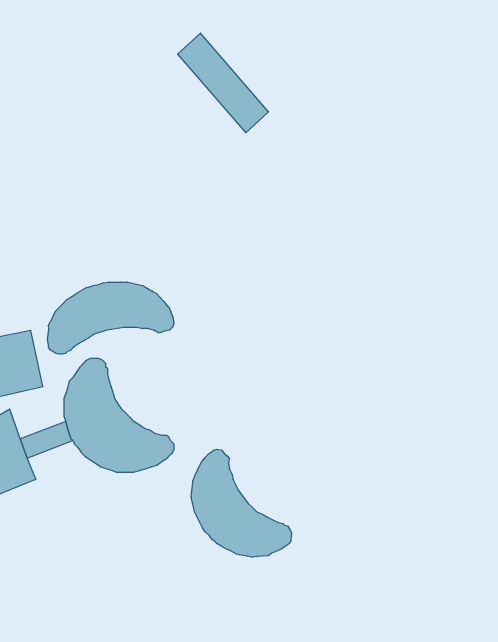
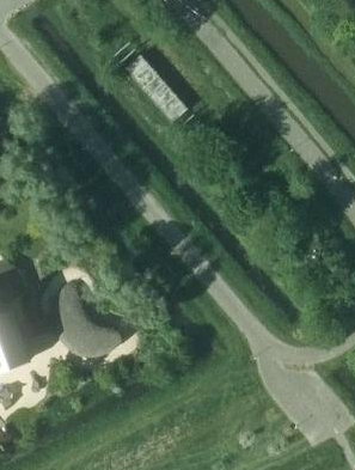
building: [48,282,174,354] -> none
building: [191,449,292,557] -> none

